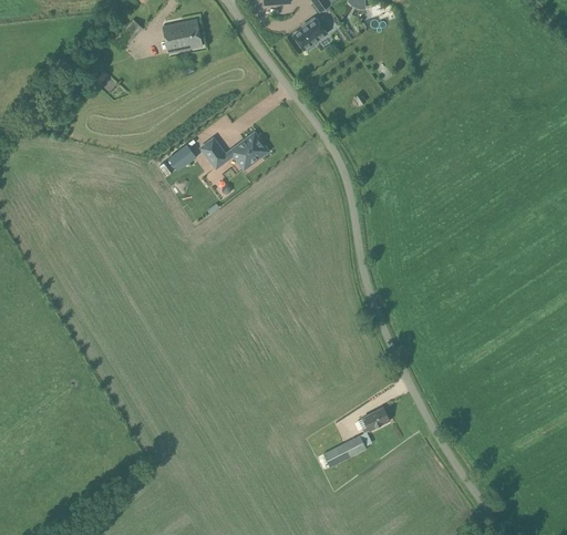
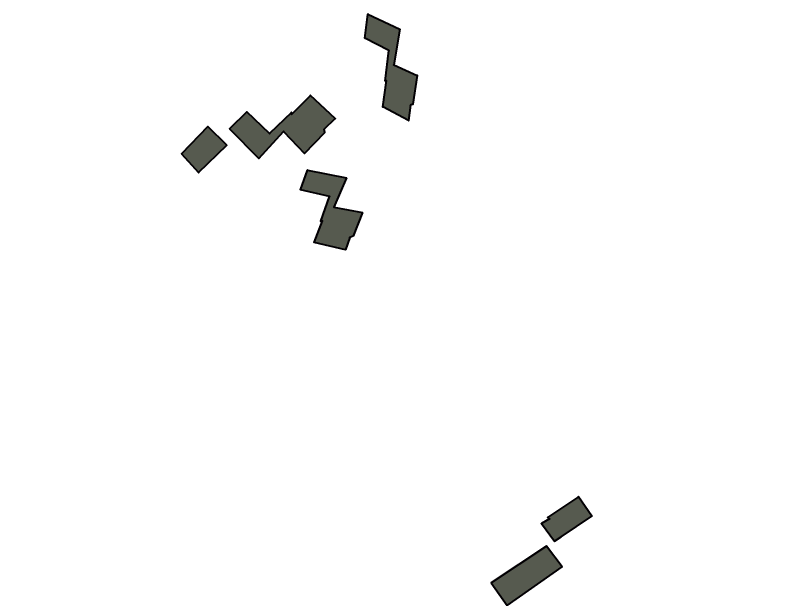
building: none -> [365,14,417,121]
building: none -> [300,170,362,250]

